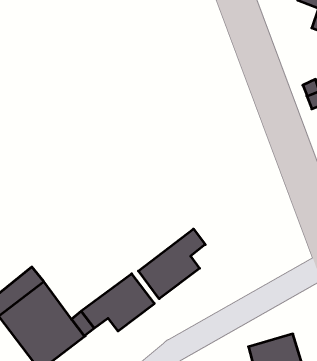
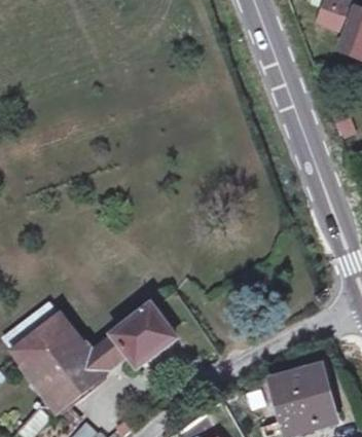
building: [138,229,205,299] -> none

